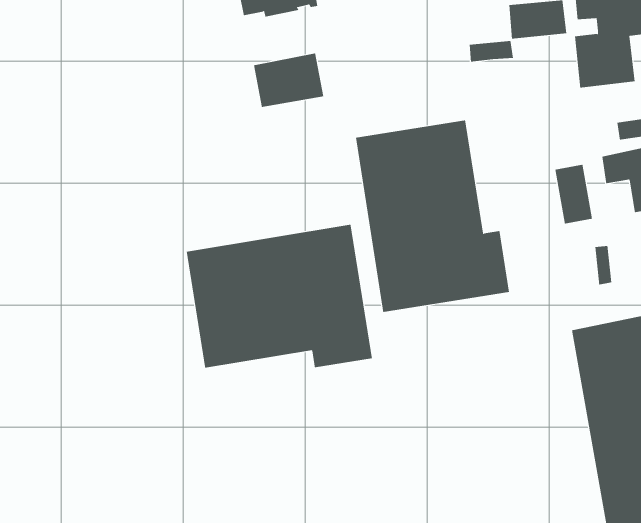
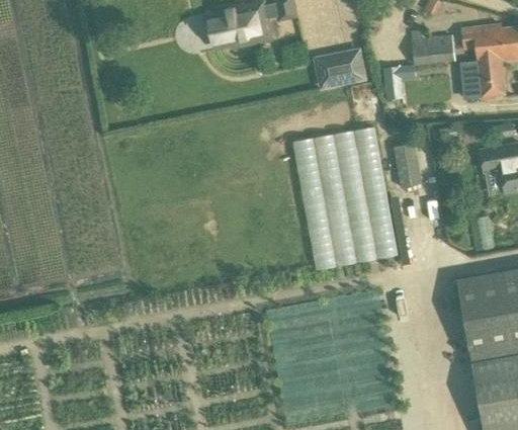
building: [253,53,324,108] -> [313,50,365,90]
building: [554,164,593,224] -> [393,145,421,189]
building: [186,224,372,369] -> none

